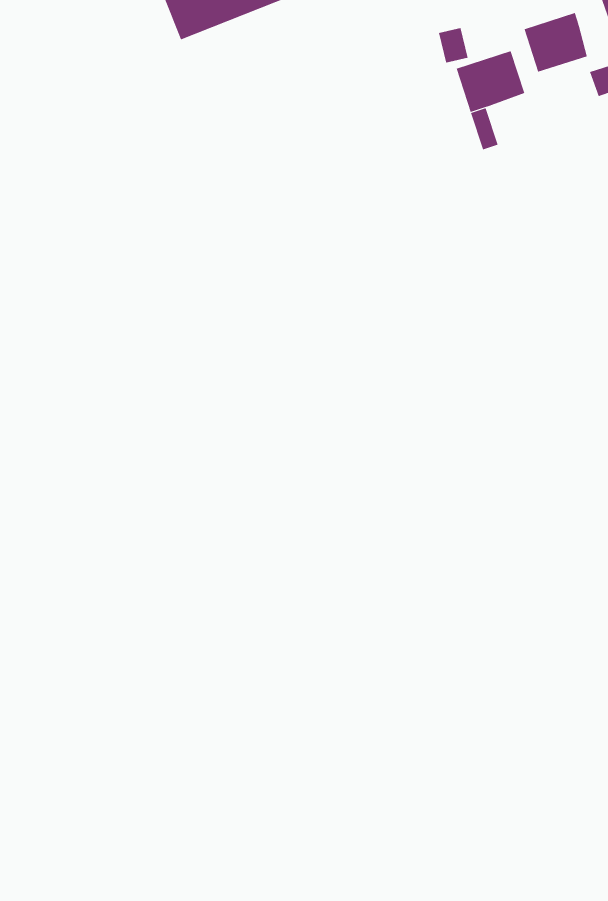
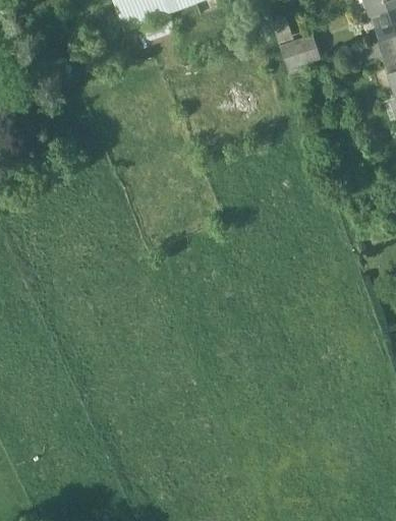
building: [524,12,588,72] -> none

